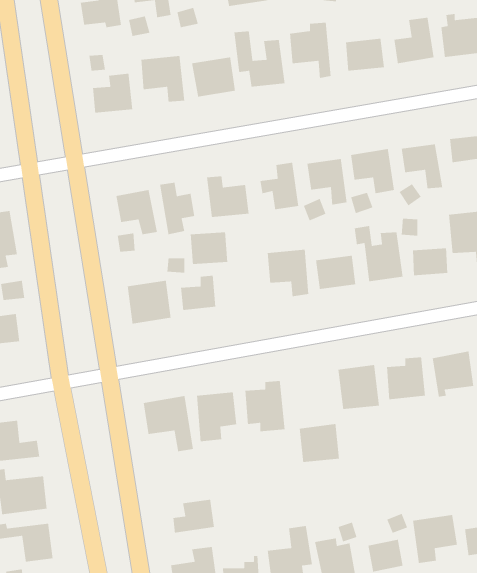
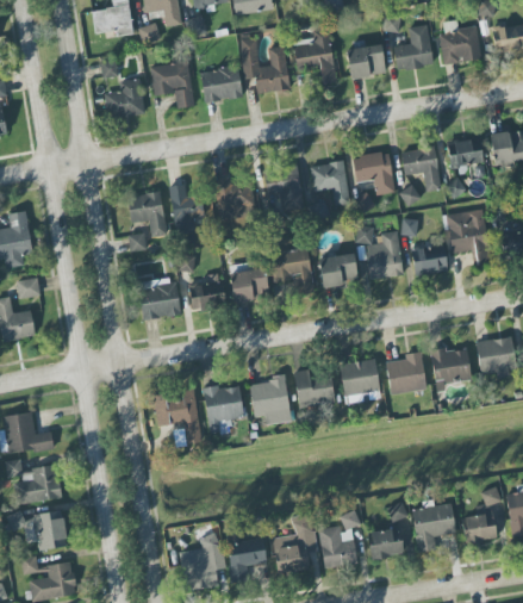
building: [190,231,228,265] -> [230,269,267,302]
building: [299,423,340,463] -> [294,368,334,406]
building: [172,499,215,533] -> none

